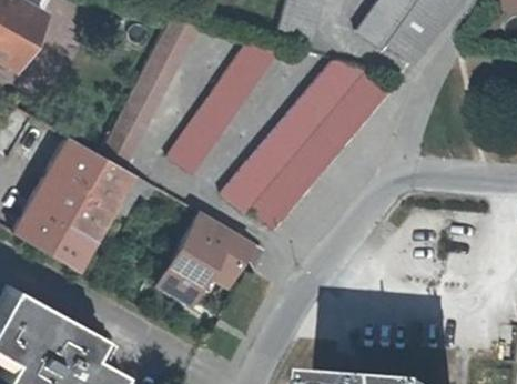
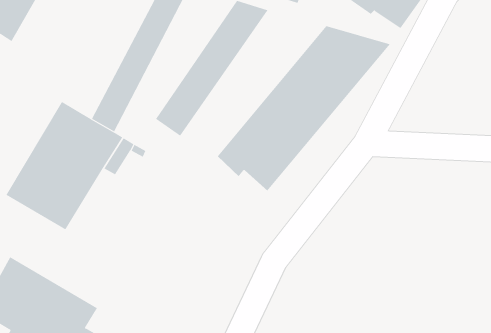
building: [155,212,258,302] -> none

